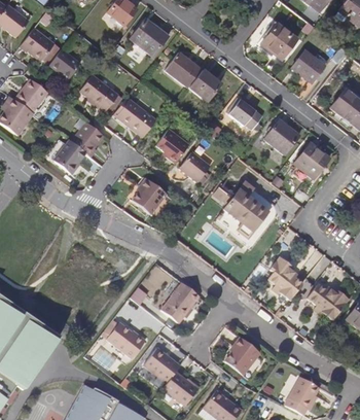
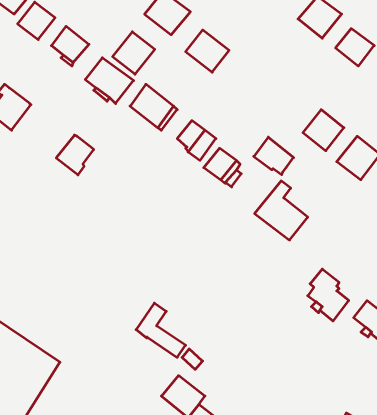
building: none -> [113,32,155,74]
building: [187,69,221,102] -> none
building: [14,79,48,114] -> none
building: [228,98,262,130] -> [254,137,294,175]
building: [72,124,104,156] -> none
building: [131,179,165,215] -> none
building: [160,281,199,322] -> none
building: [104,320,145,358] -> none
building: [224,337,260,374] -> none

